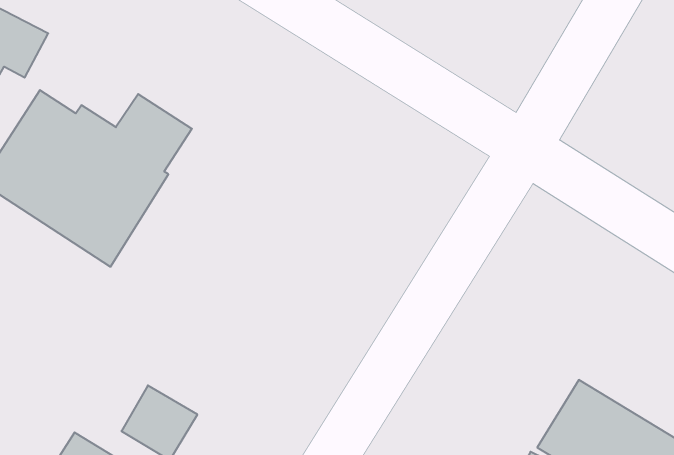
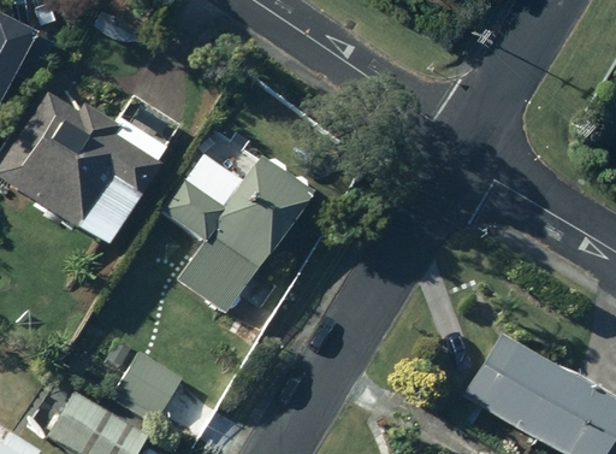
building: none -> [160,148,310,313]

